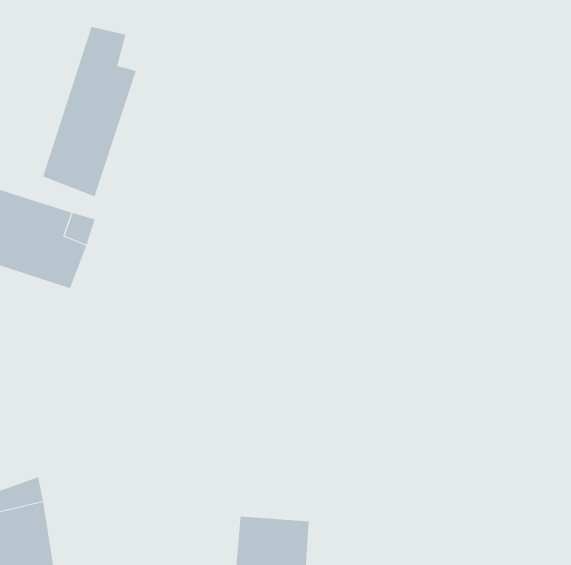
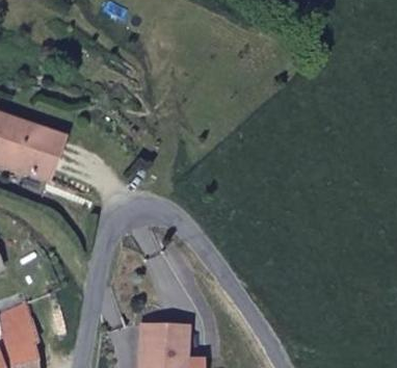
building: [42,26,136,197] -> none

